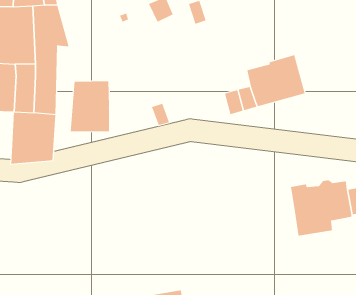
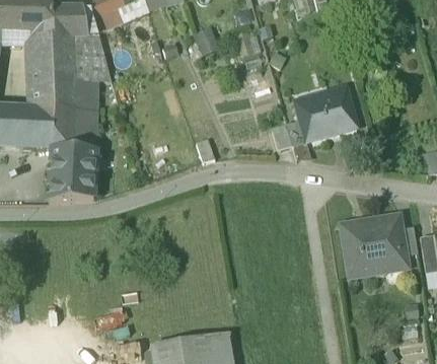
building: [70,81,110,132] -> none

